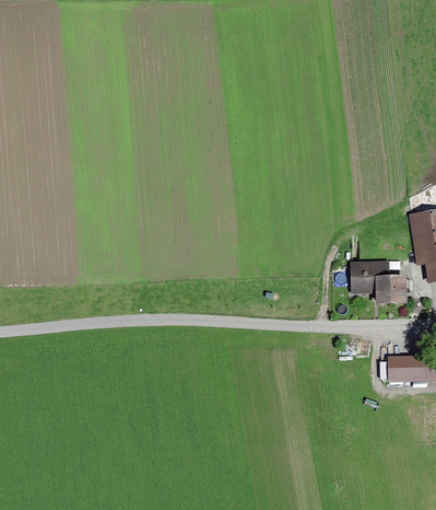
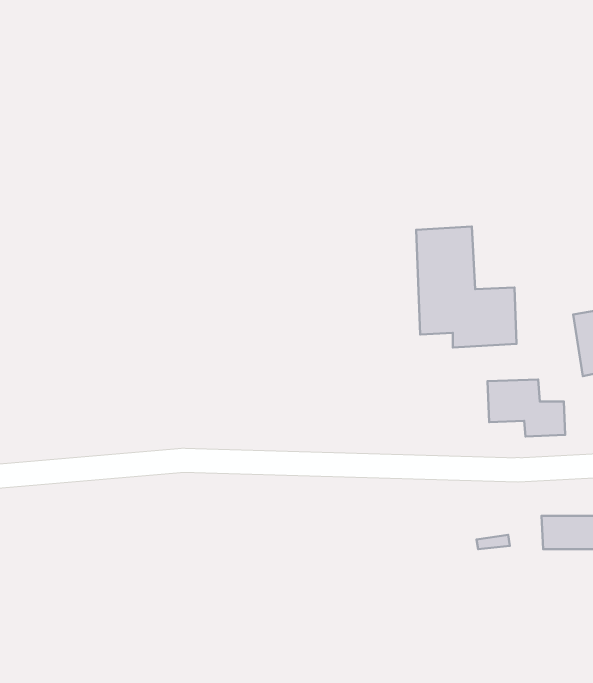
building: none -> [416,226,516,347]

